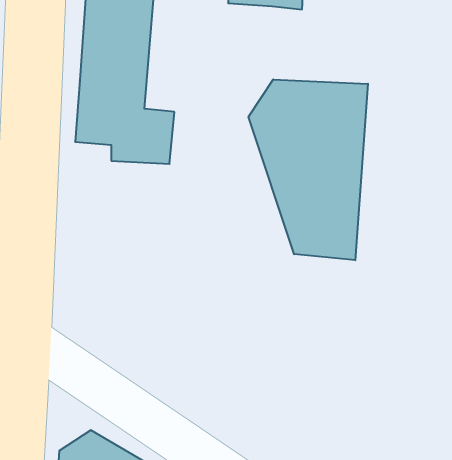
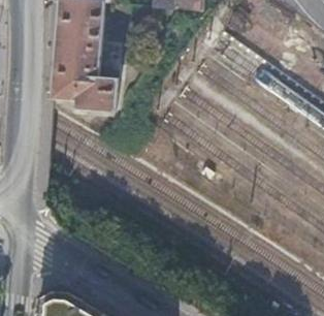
building: [249,79,368,260] -> none

